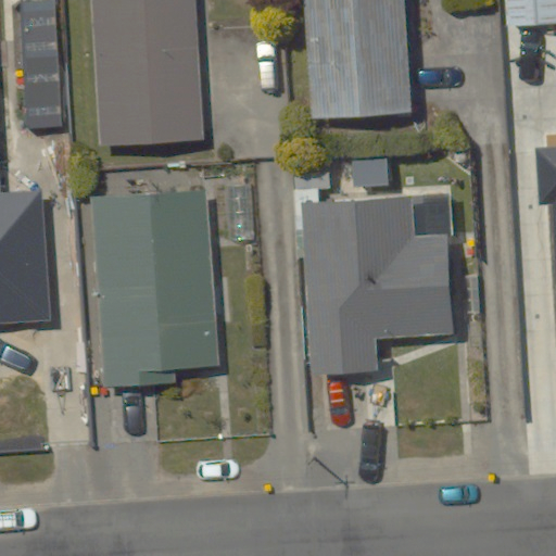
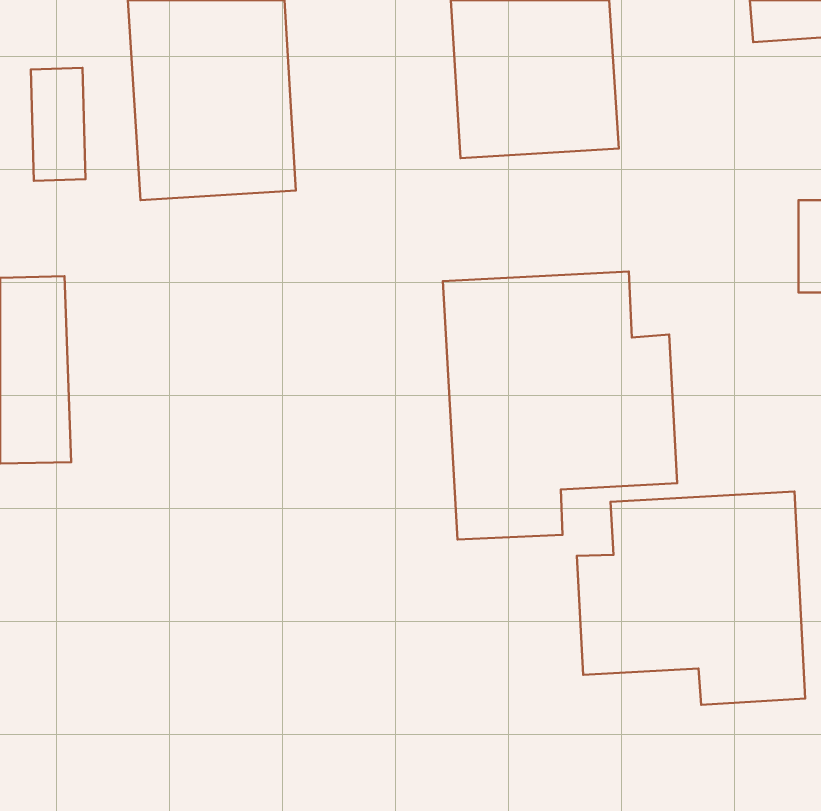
building: [92,190,211,383] -> none
building: none -> [577,491,805,705]

